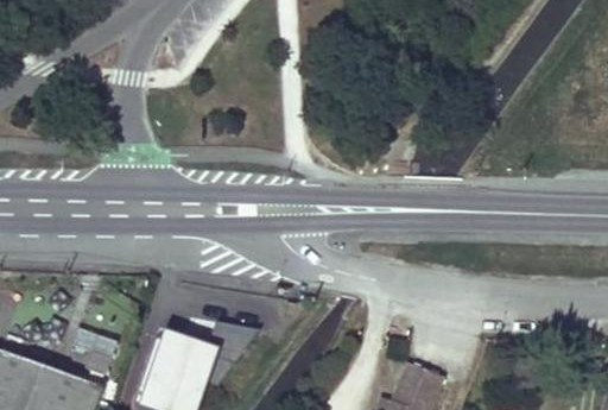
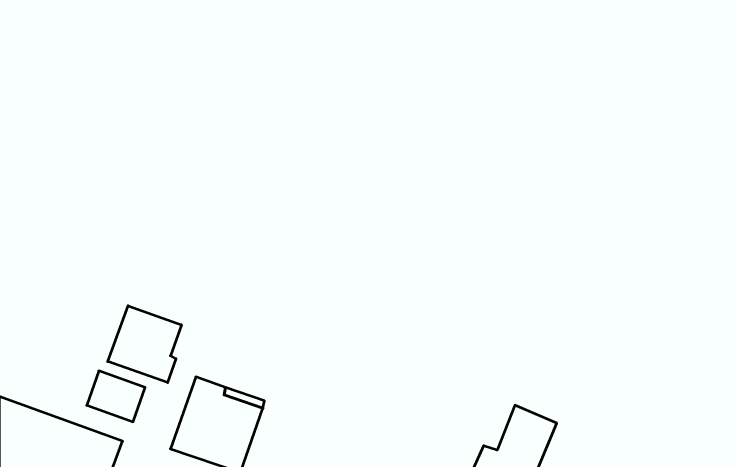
building: none -> [108,306,181,383]

